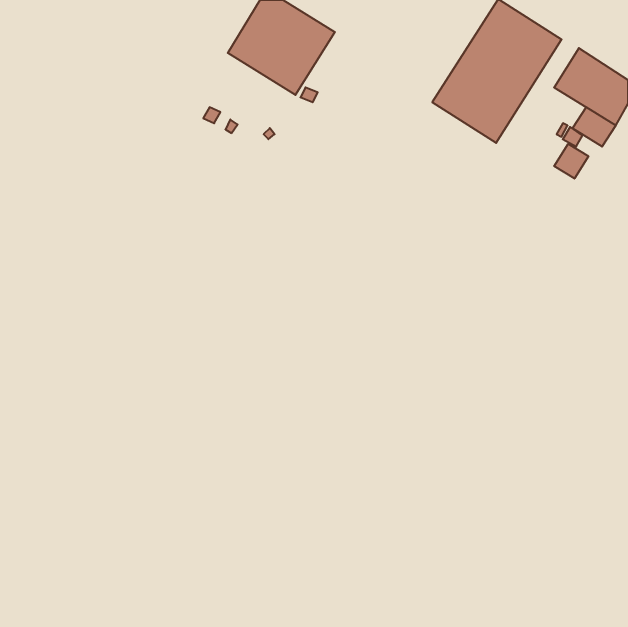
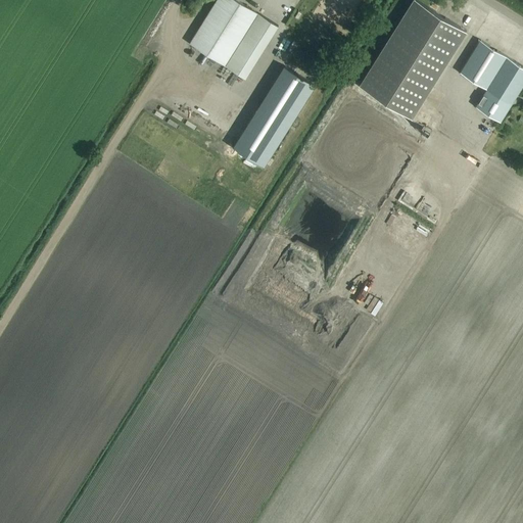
building: none -> [231,66,313,168]
building: [554,144,588,179] -> none

